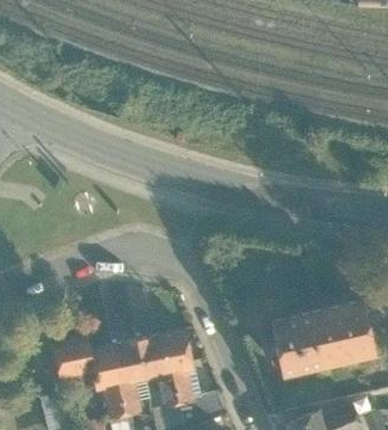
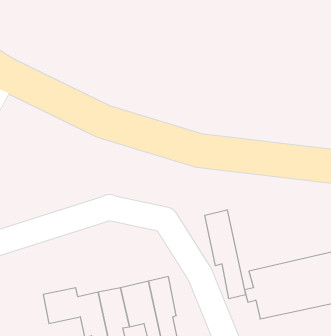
building: none -> [205,210,246,299]

